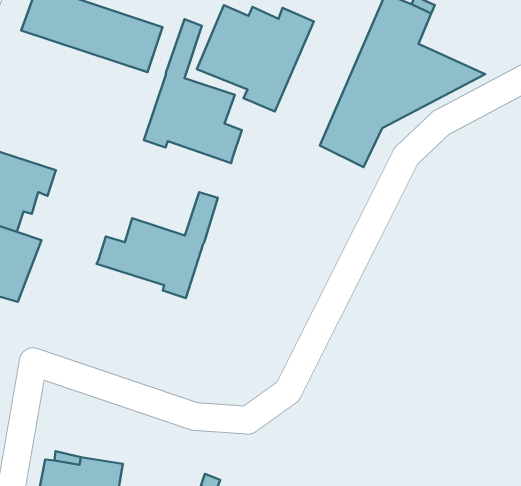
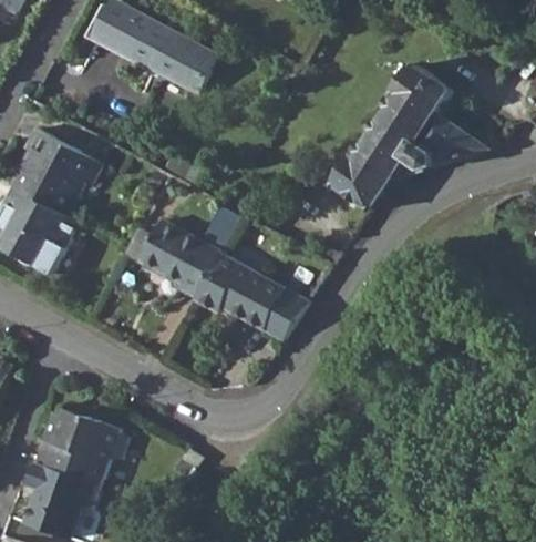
building: [197,5,314,111] -> none
building: [144,19,242,163] -> none
building: none -> [194,252,306,339]

